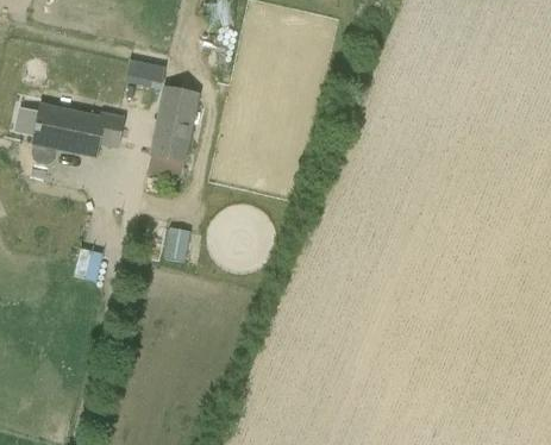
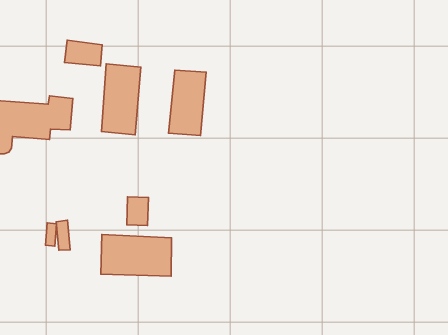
building: none -> [169,70,206,136]
building: none -> [101,235,172,276]

